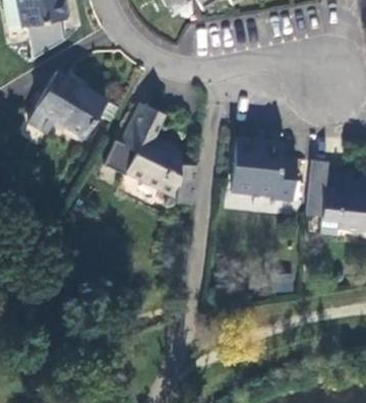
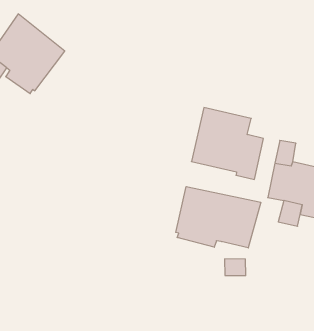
building: [120,104,197,205] -> none
building: none -> [176,187,261,248]

